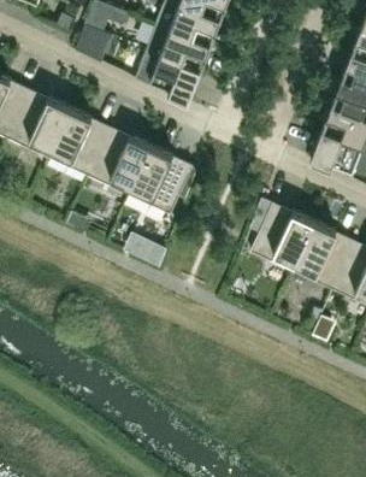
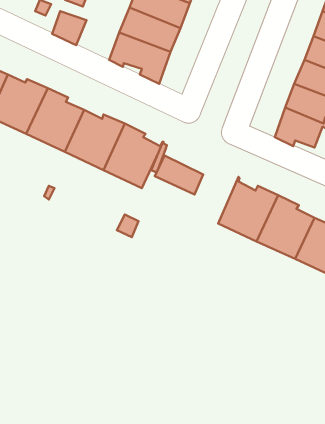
building: none -> [155,156,203,195]

